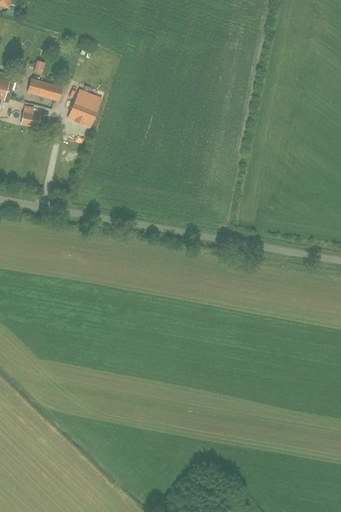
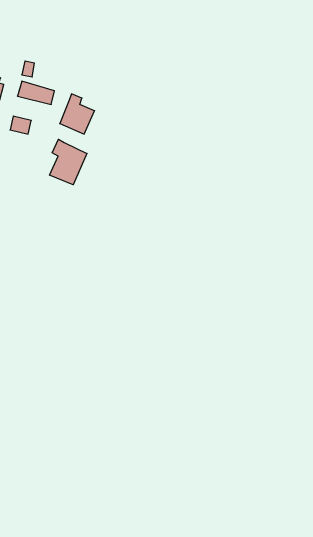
building: none -> [50,139,87,185]

